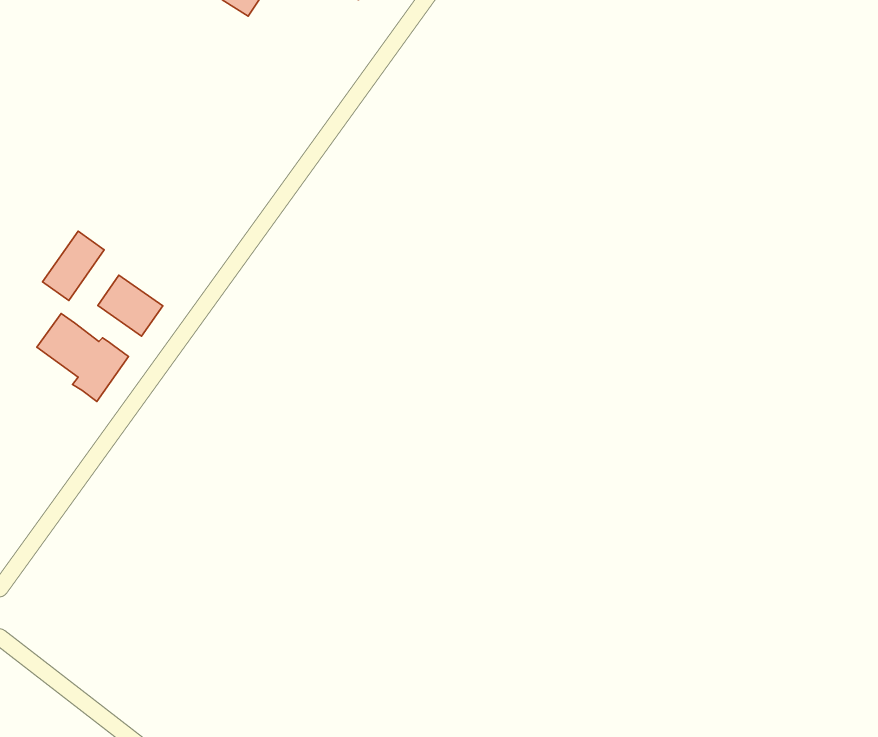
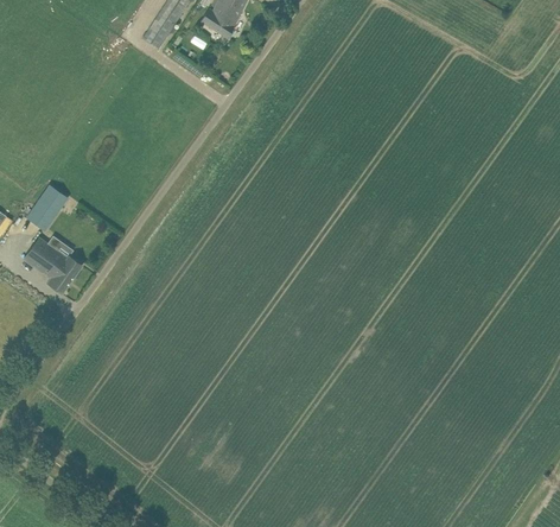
building: [98,275,163,336] -> none

